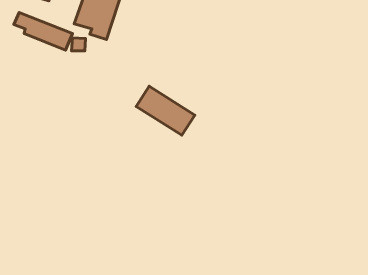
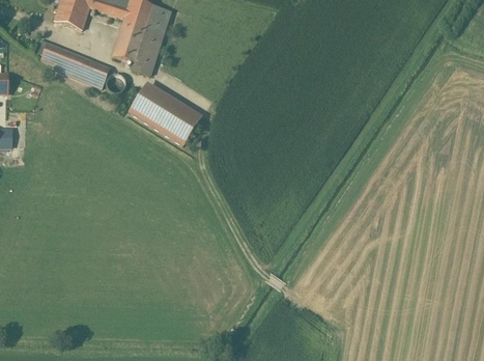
building: [136,86,195,135] -> [129,86,198,144]

